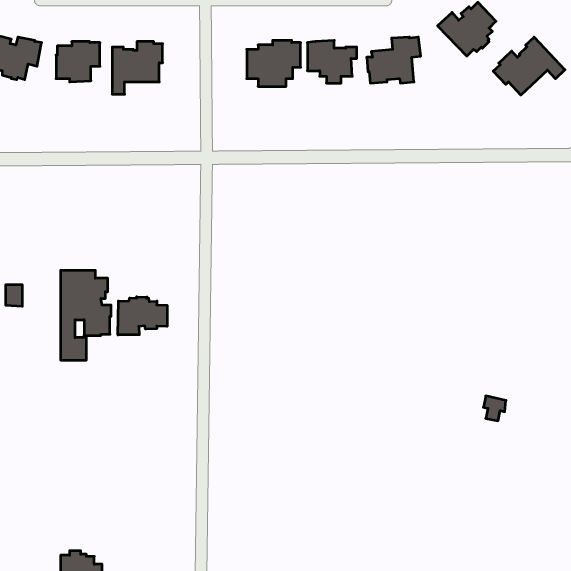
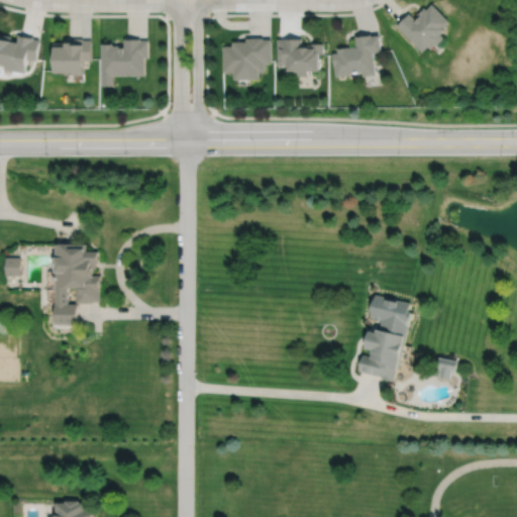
building: [493,37,565,95] -> none
building: [118,297,167,335] -> none
building: none -> [357,296,410,383]

